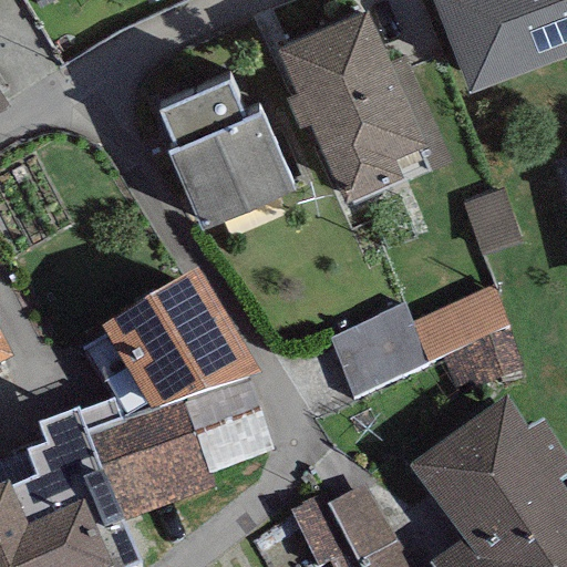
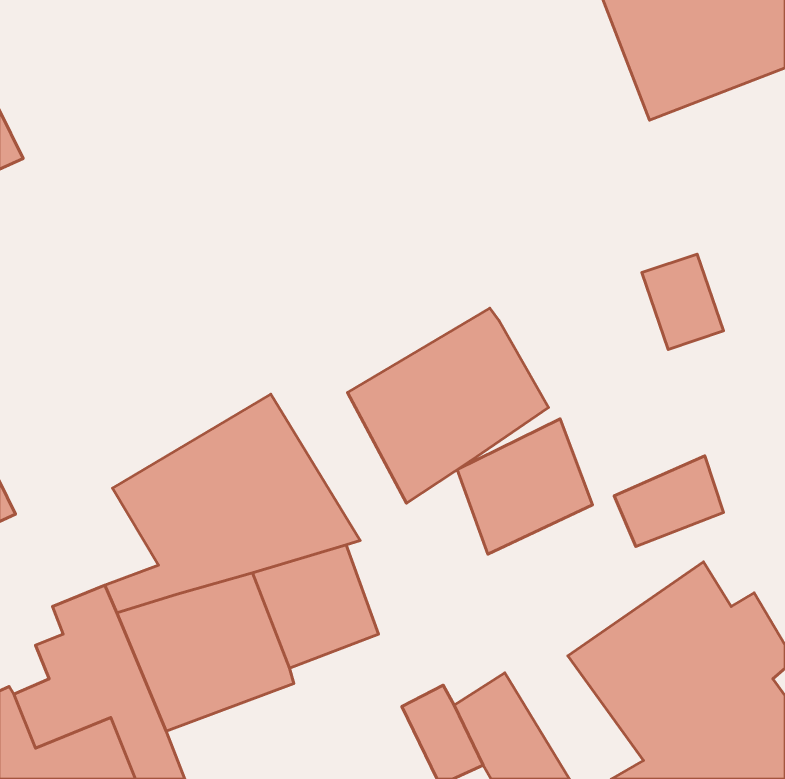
building: [276,6,449,200] -> none
building: [157,73,295,226] -> none
building: none -> [347,308,549,503]
building: [411,286,507,363] -> none

